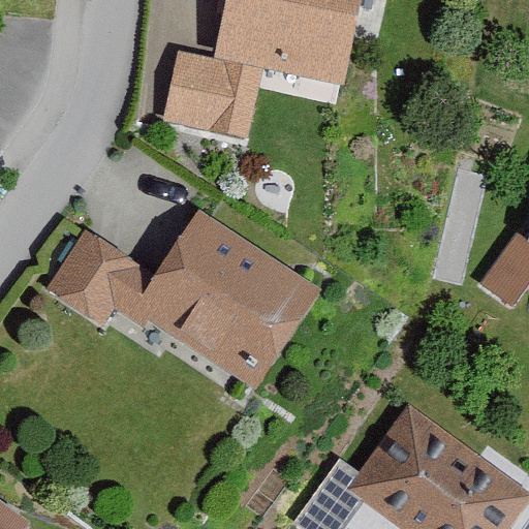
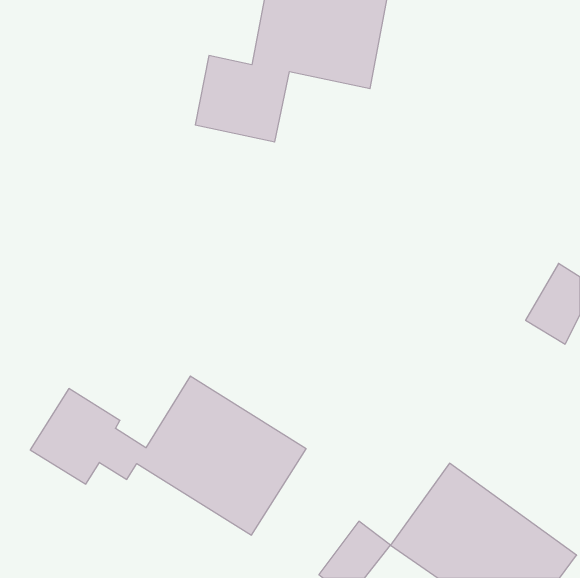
building: [54,226,305,371] -> [30,376,306,535]

